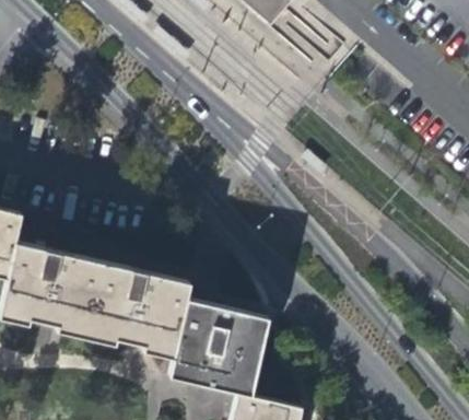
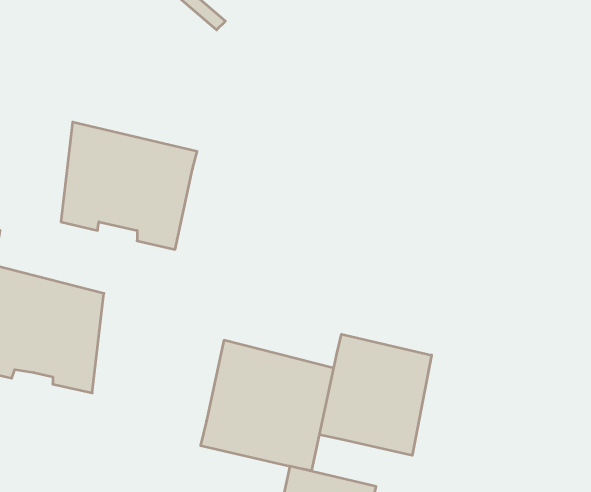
building: [91,262,192,358] -> [61,122,197,249]
building: none -> [319,334,432,455]

